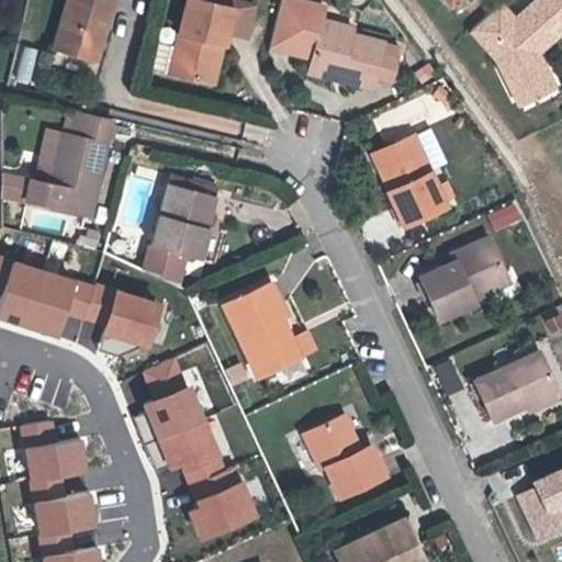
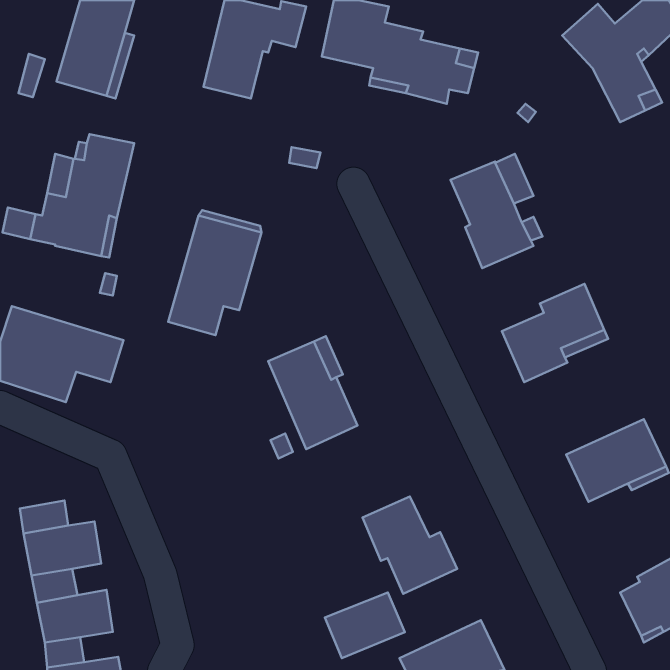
building: [98,286,158,356] -> none
building: [142,358,226,485] -> none
building: [187,483,254,538] -> [325,593,405,658]

